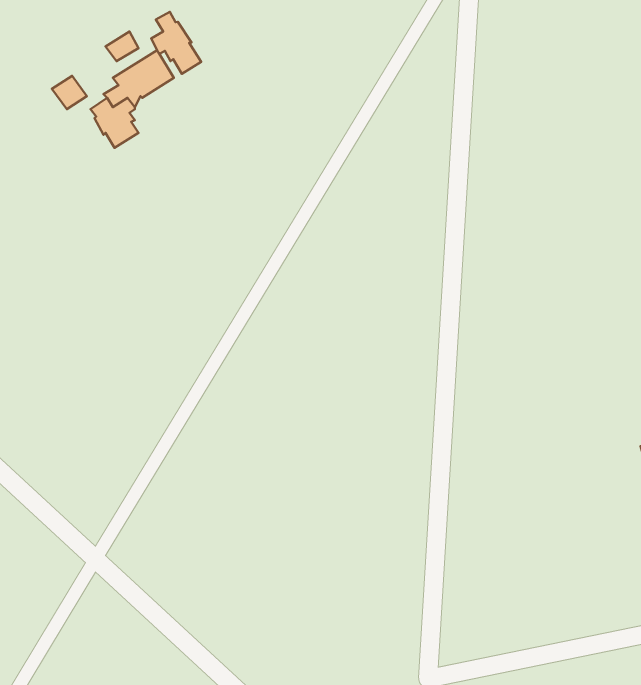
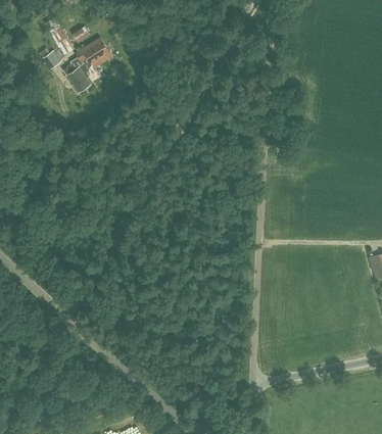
building: [151,12,201,74] -> none

